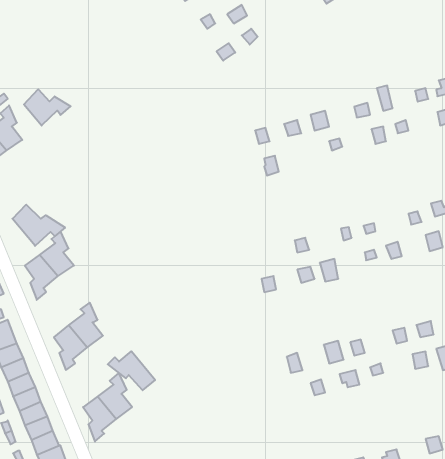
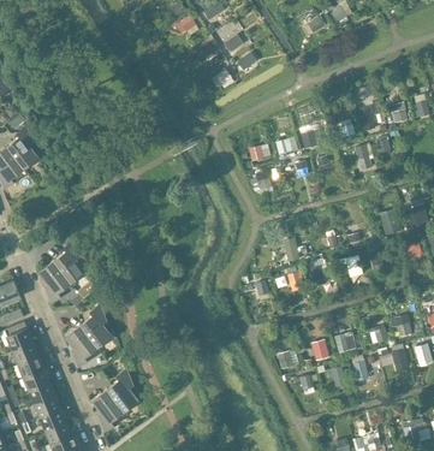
building: [24,89,71,126] -> none
building: [12,205,65,246] -> none
building: [108,351,155,390] -> none

